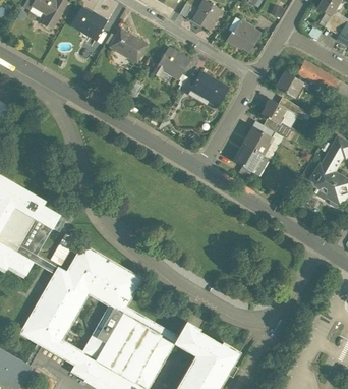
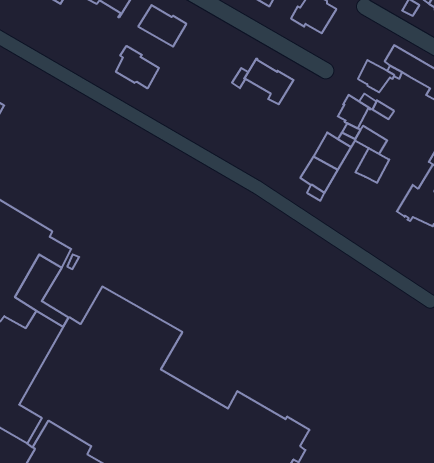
building: [152,48,188,79] -> none
building: none -> [116,46,159,88]
building: none -> [355,148,389,183]

